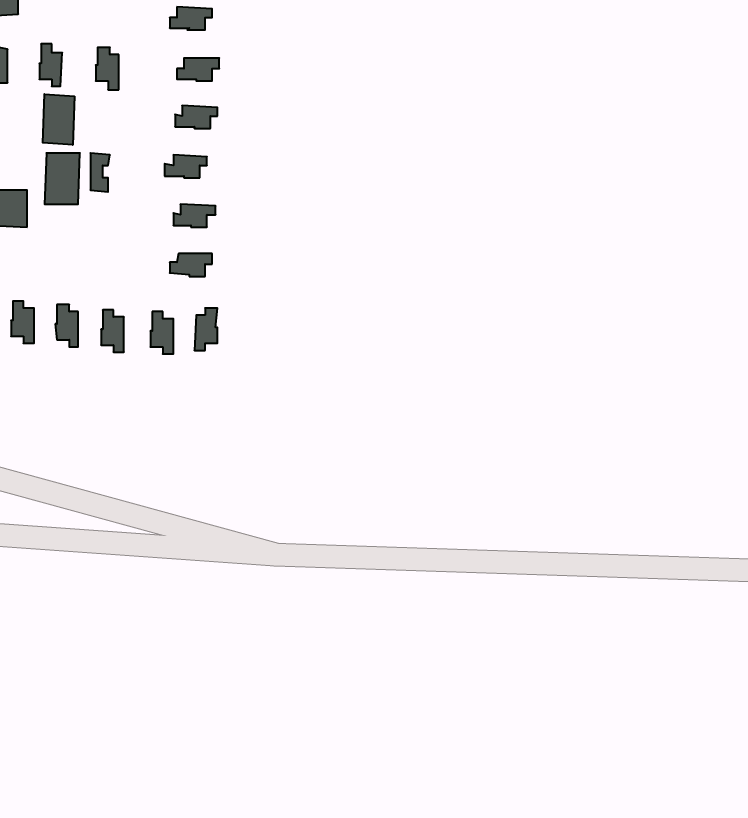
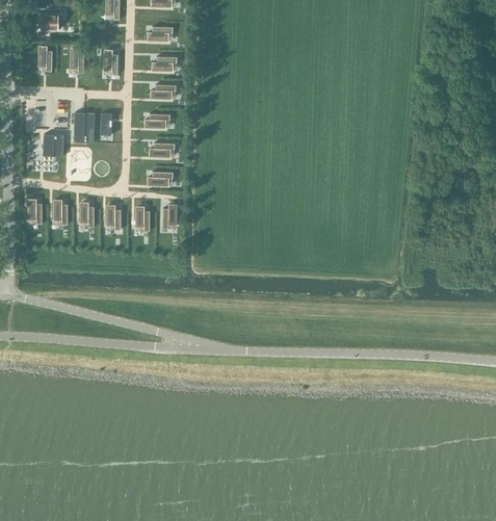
building: [43,94,74,145] -> none

